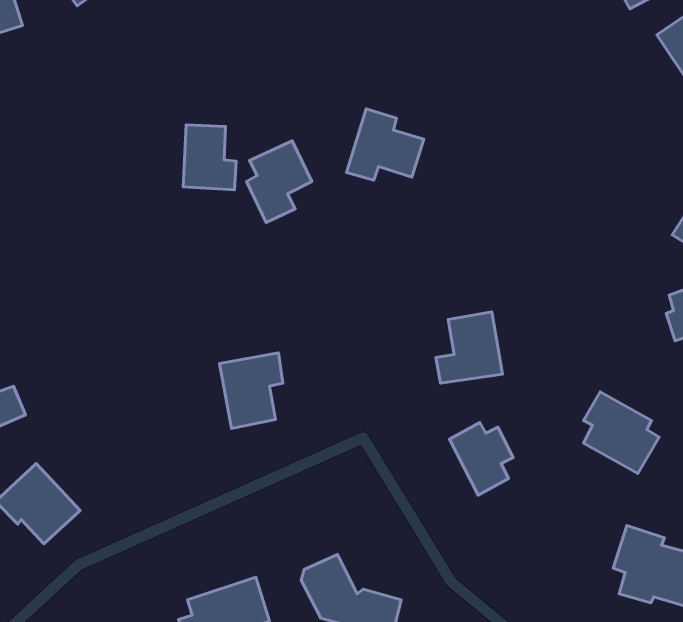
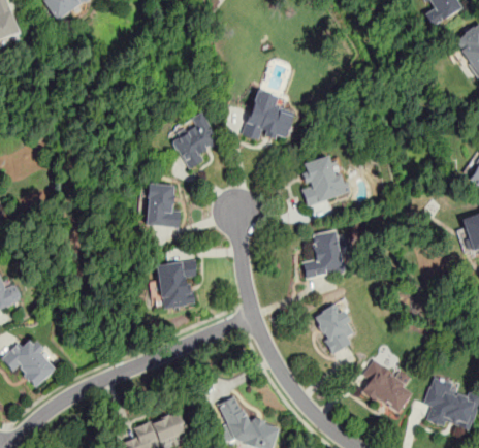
building: [183,125,236,190] -> [145,184,181,228]
building: none -> [302,155,351,205]
building: [583,392,659,474] -> [362,359,414,415]

